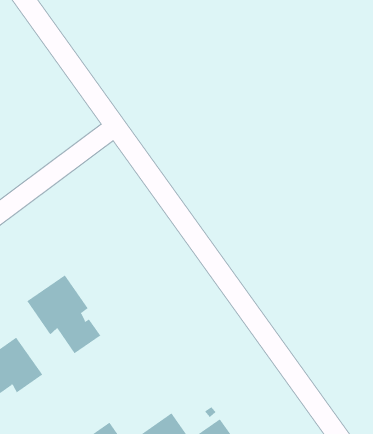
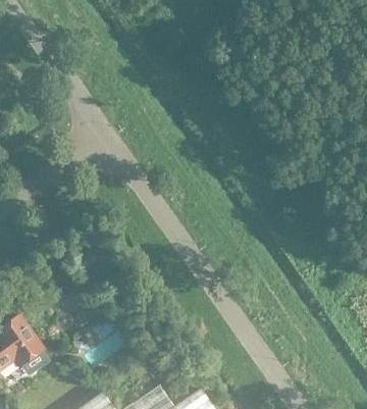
building: [26,274,101,354] -> none

